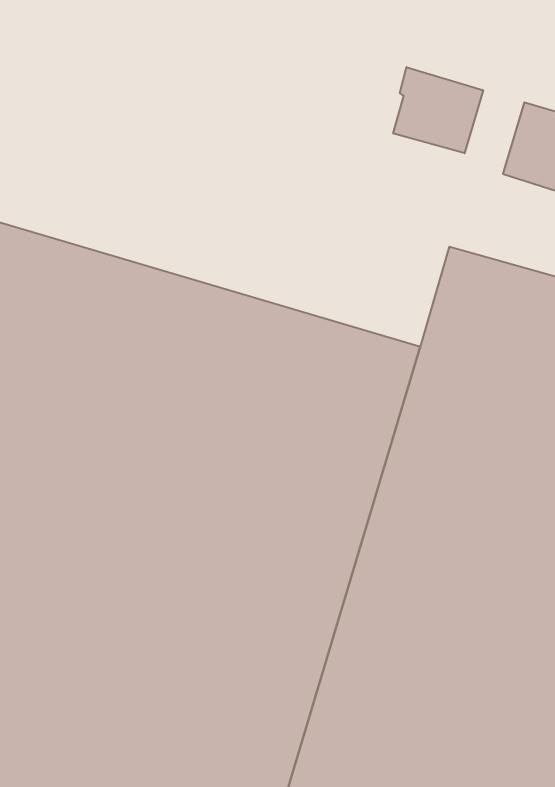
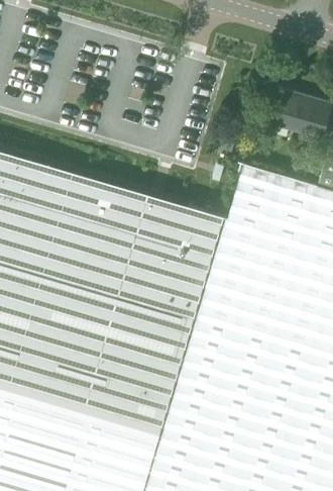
building: [393,67,483,153] -> none

